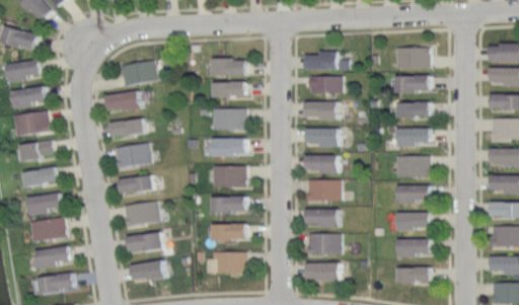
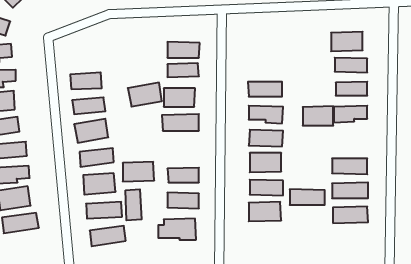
building: [302,51,347,69] -> none
building: [117,60,154,86] -> [128,83,162,107]
building: [307,75,341,92] -> none
building: [394,155,428,176] -> [303,106,333,126]
building: [210,165,244,186] -> [123,162,154,181]
building: none -> [126,189,142,220]
building: [304,262,343,280] -> [290,189,325,205]
building: [400,268,433,282] -> none
building: [40,273,77,293] -> none

